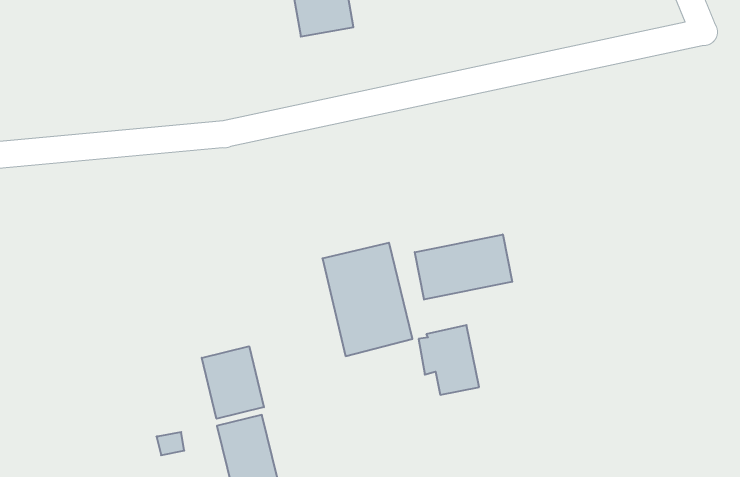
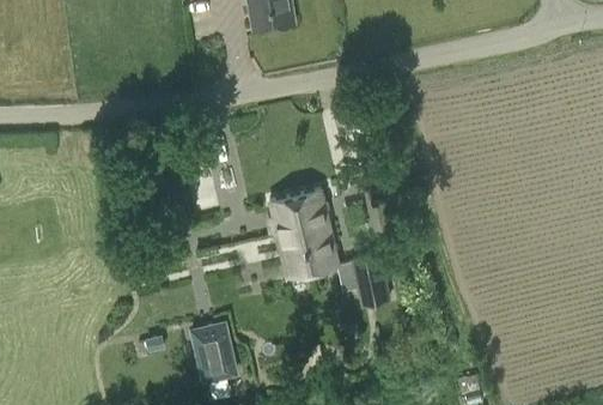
building: [415,234,512,300] -> none
building: [202,346,264,419] -> none

